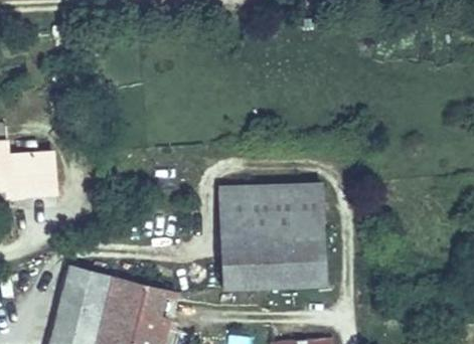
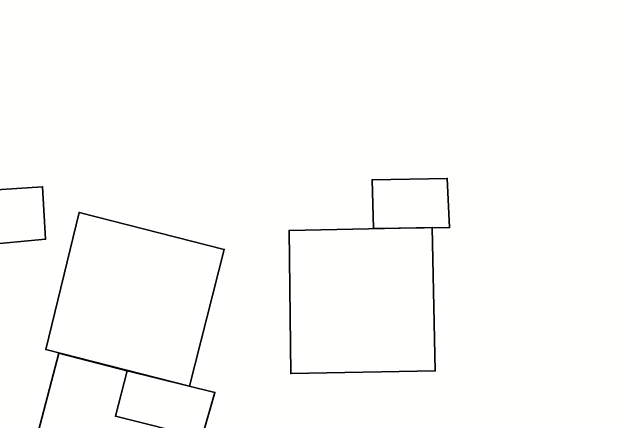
building: none -> [372,178,449,229]
building: none -> [46,213,224,386]

